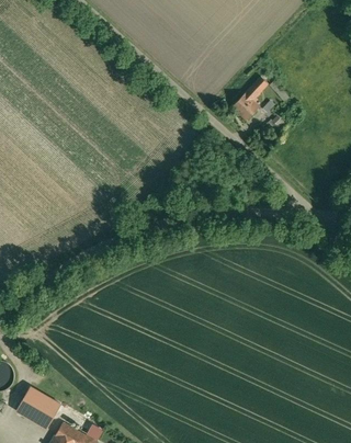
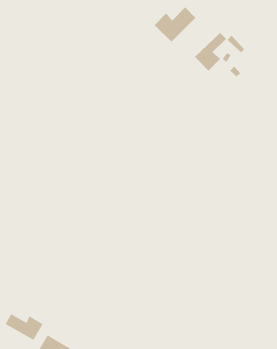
building: none -> [154,7,196,42]

